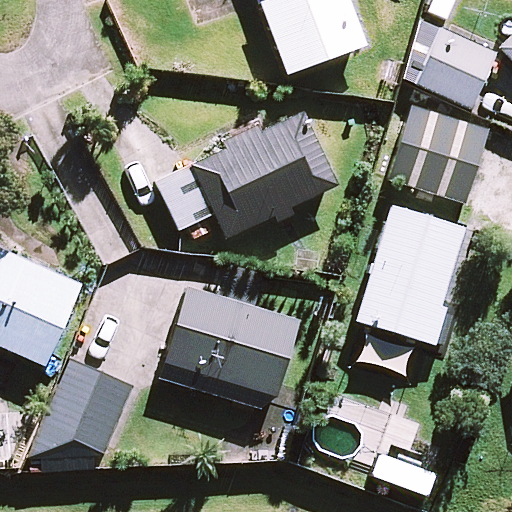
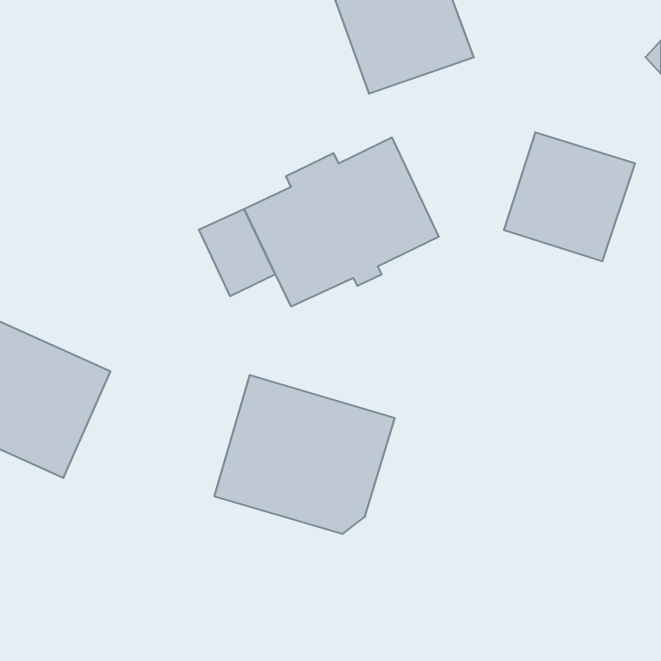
building: [416,27,497,108] -> none
building: [355,202,465,342] -> none
building: [31,361,137,460] -> none

